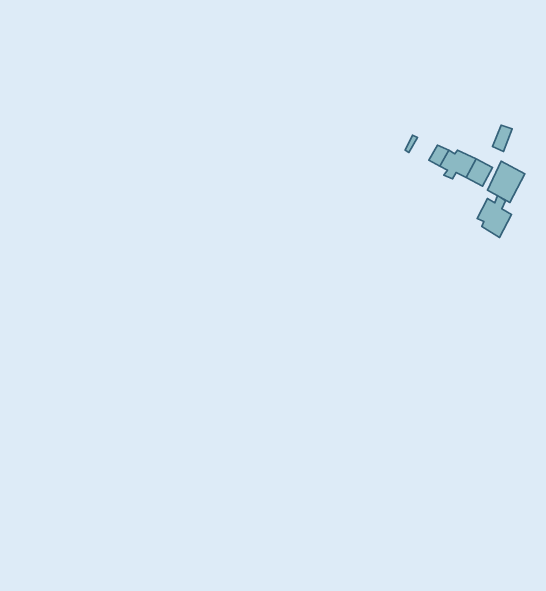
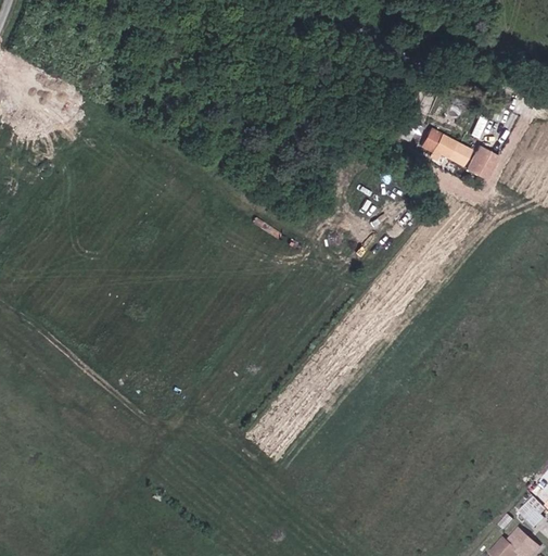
building: [477,196,511,237] -> none

